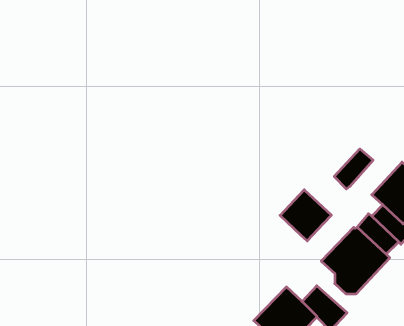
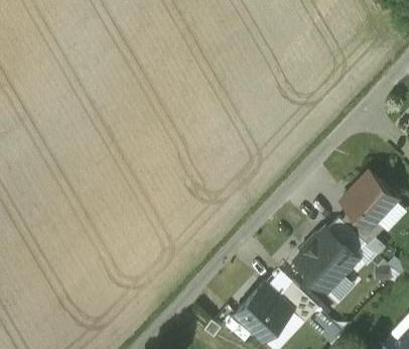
building: [334,149,373,189] -> none
building: [280,190,331,241] -> none

